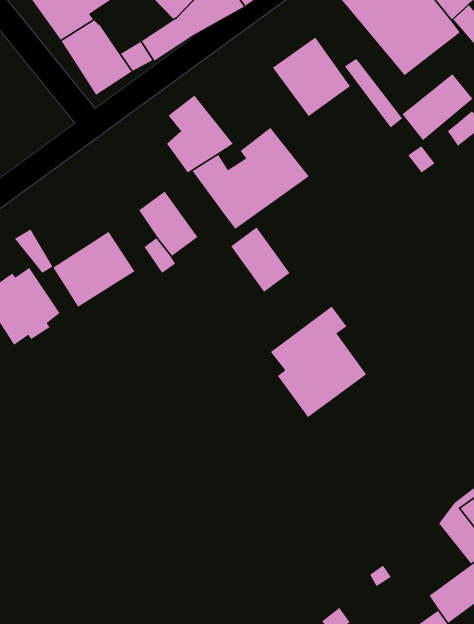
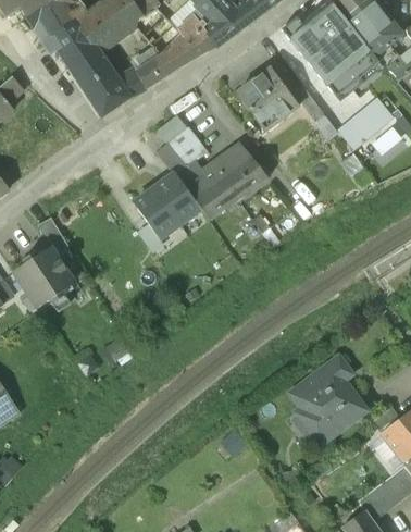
building: [230,227,291,293] -> [154,172,201,223]
building: [53,231,136,308] -> none
building: [270,305,367,418] -> [290,357,365,444]

